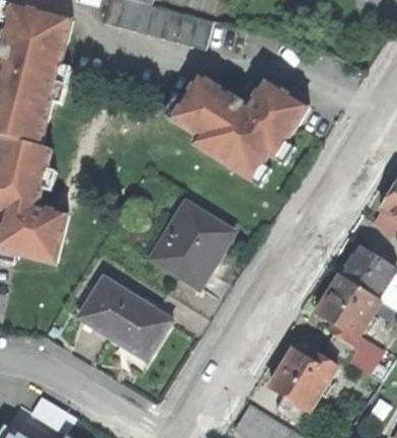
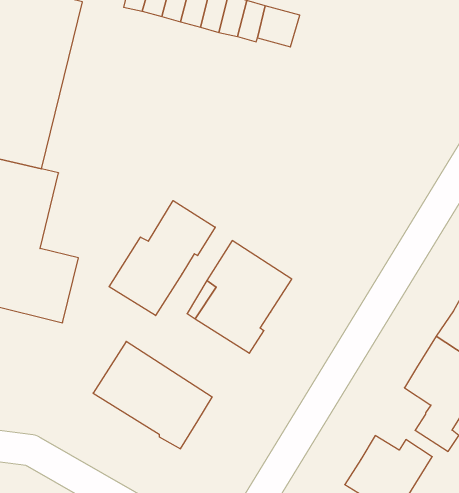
building: [168,72,306,179] -> none
building: none -> [109,201,215,316]

